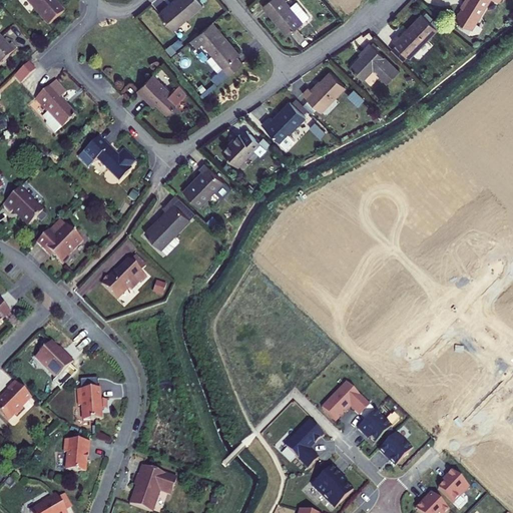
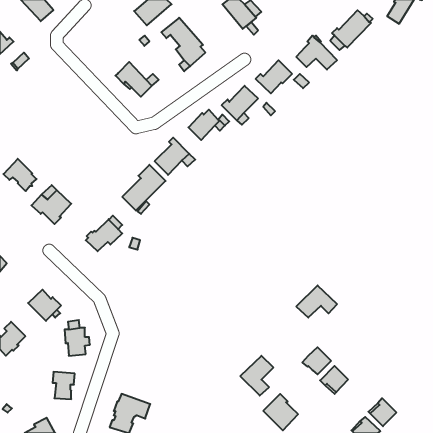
building: [34,82,74,128] -> none
building: [81,137,134,181] -> none
building: [321,382,369,420] -> [296,285,337,318]

